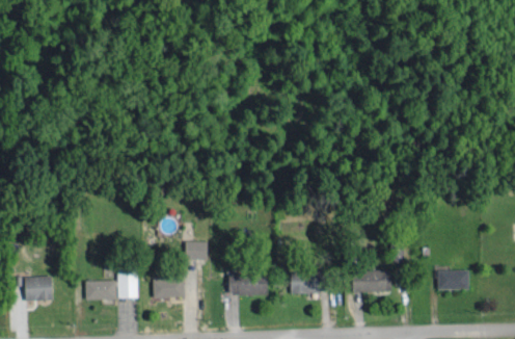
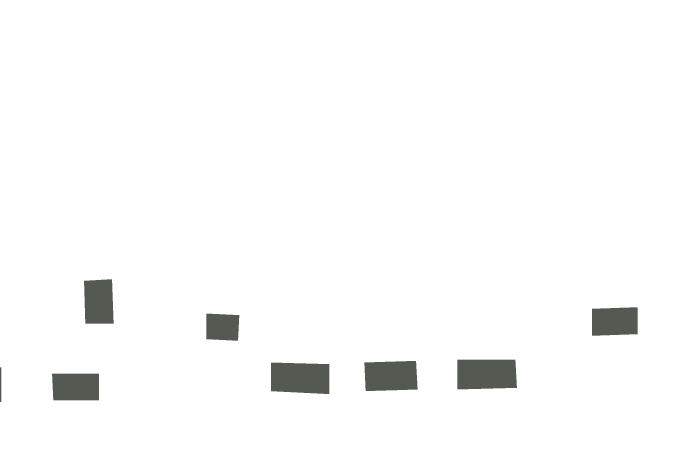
building: [117,268,138,298] -> [83,279,115,324]
building: [437,270,468,290] -> [591,307,639,336]
building: [153,279,184,298] -> none

